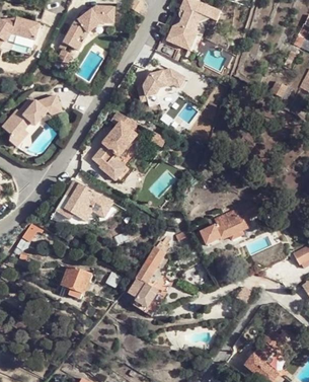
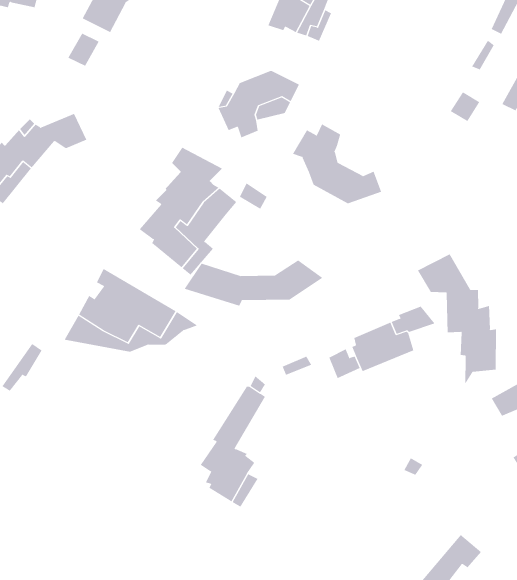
building: none -> [292,123,382,204]
building: none -> [417,254,496,385]
building: none -> [184,259,323,306]
building: [63,268,89,293] -> none

